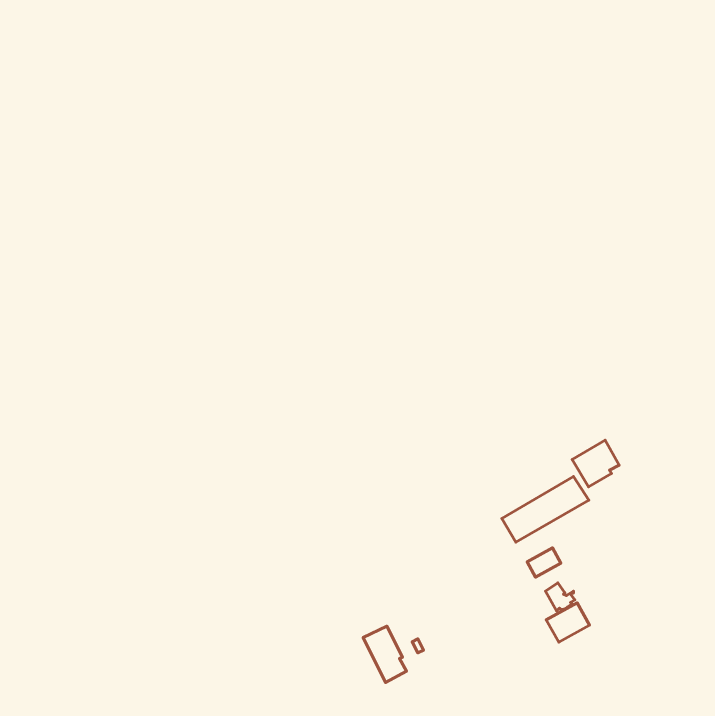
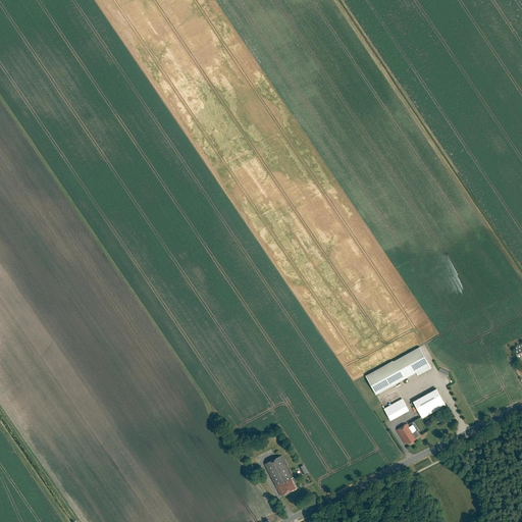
building: [572,440,619,487] -> none
building: [546,603,590,642] -> [413,389,445,418]

